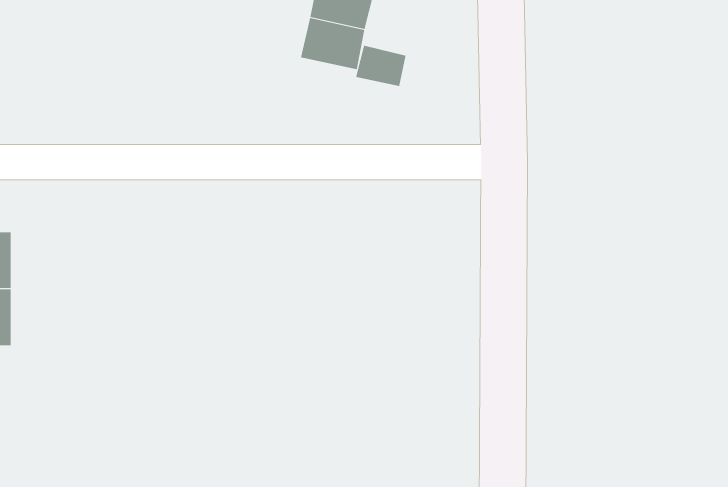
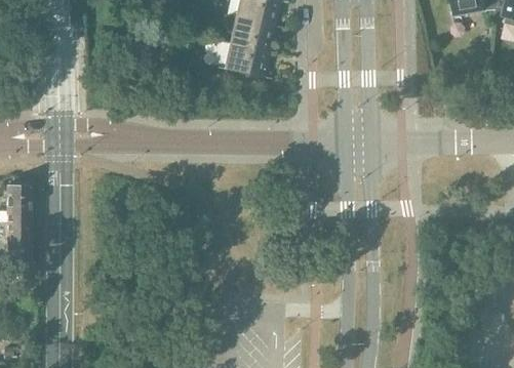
building: [355,45,406,87] -> none

